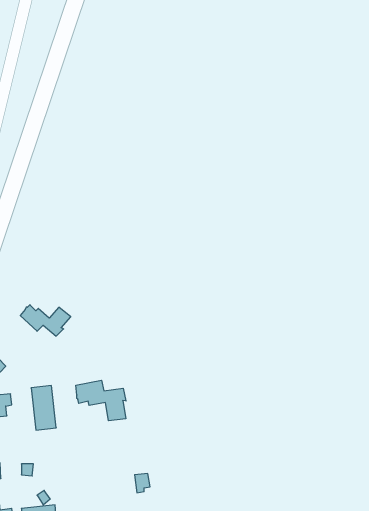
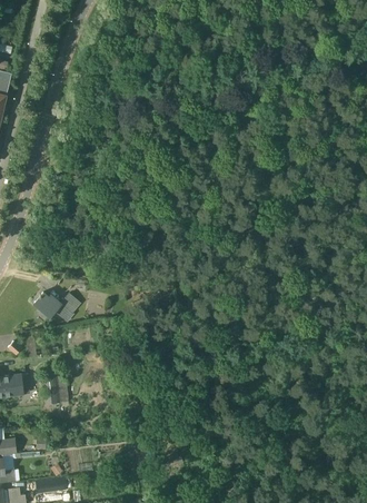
building: [76,380,126,421] -> none

